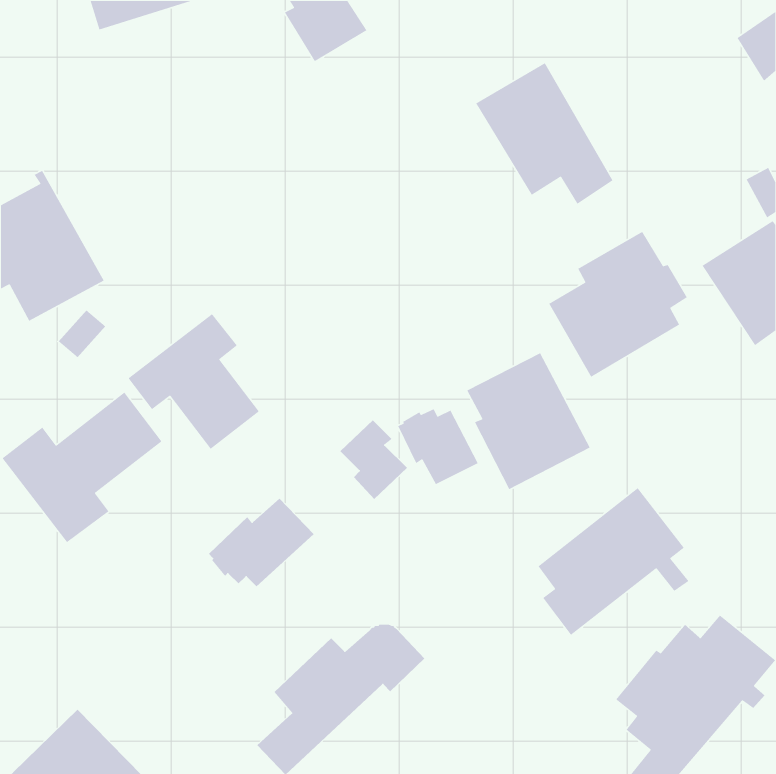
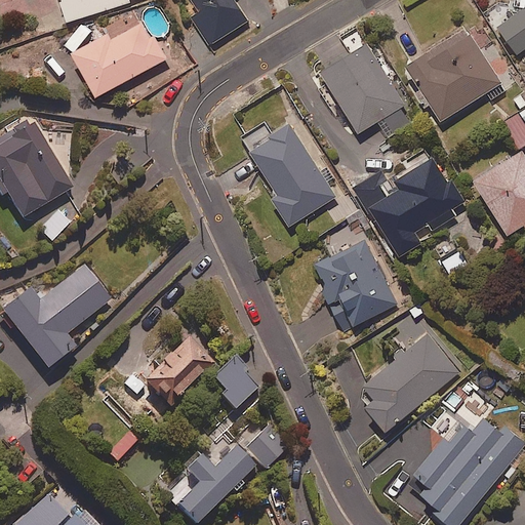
building: none -> [73,19,167,96]
building: none -> [406,28,506,121]
building: none -> [244,122,336,226]
building: [128,313,260,450] -> none
building: [397,408,479,485] -> none
building: [339,419,408,500] -> [210,356,256,410]

